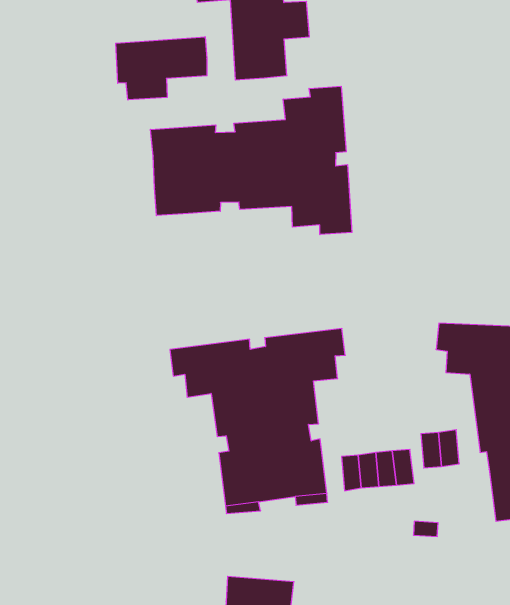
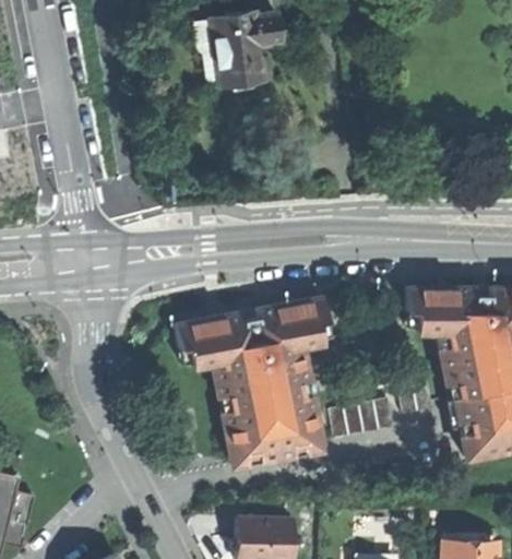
building: [116,37,207,100] -> none
building: [150,86,352,235] -> none

